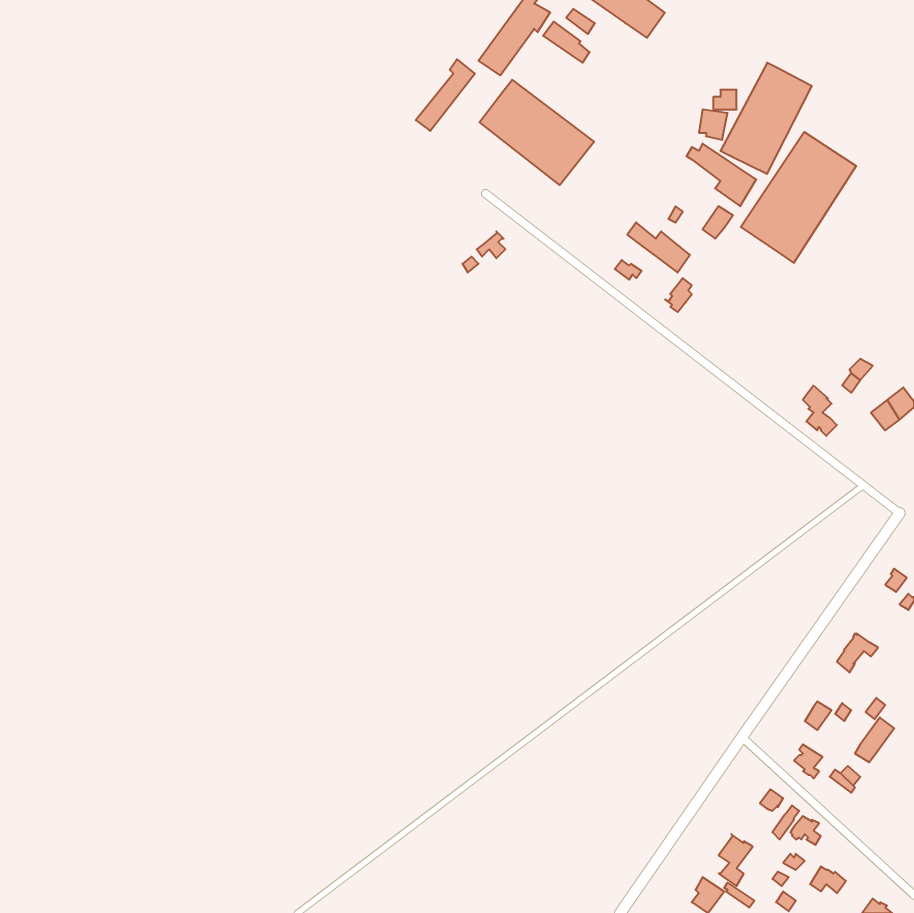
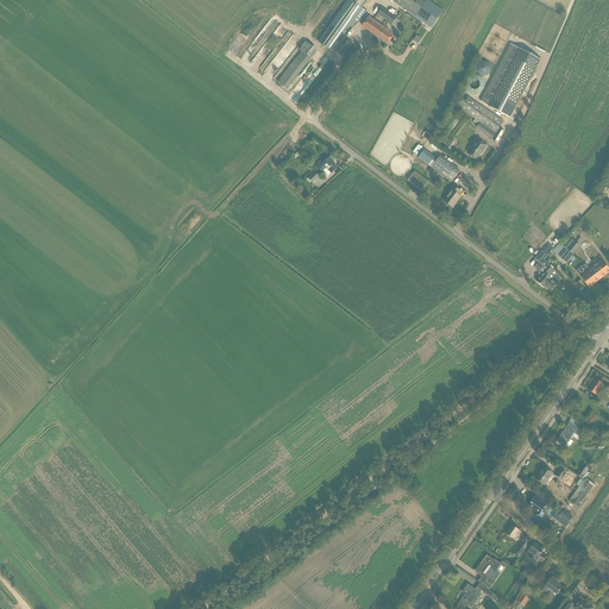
building: [479,80,594,185] -> none
building: [741,132,856,263] -> none

